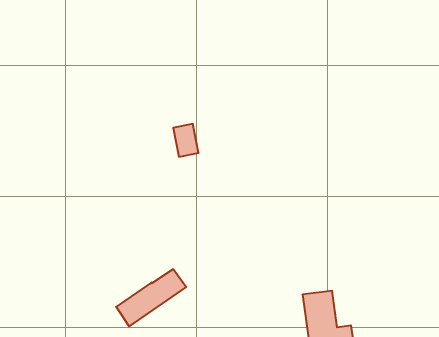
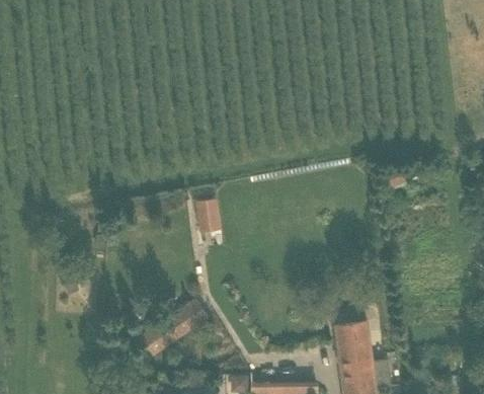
building: [173,124,199,157] -> [194,198,222,233]

